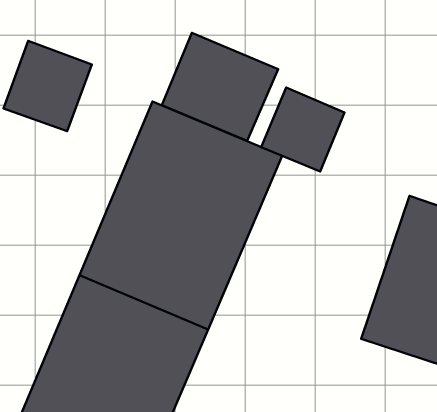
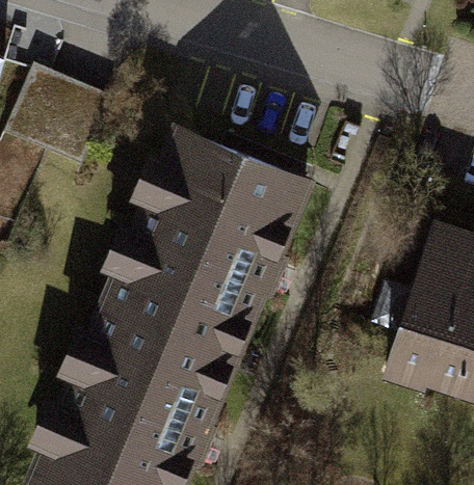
building: [162,33,278,141] -> none
building: [261,88,345,171] -> none

